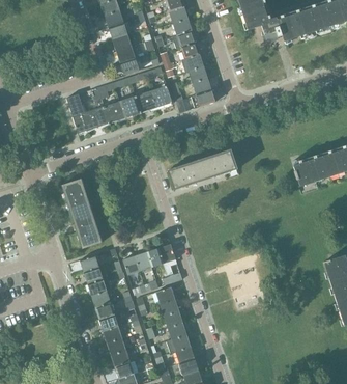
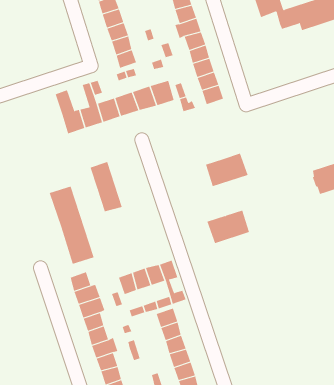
building: none -> [90,161,123,212]
building: [167,159,205,189] -> [206,210,250,244]

